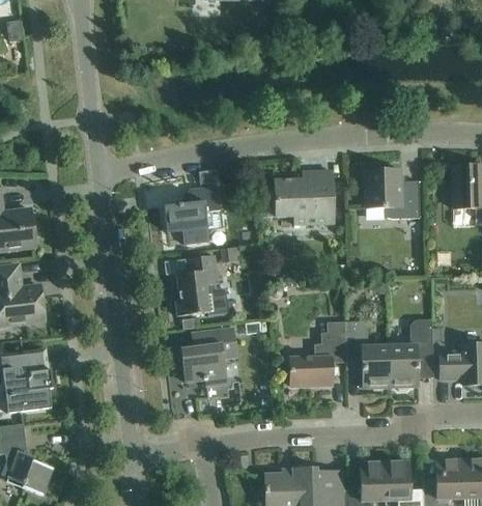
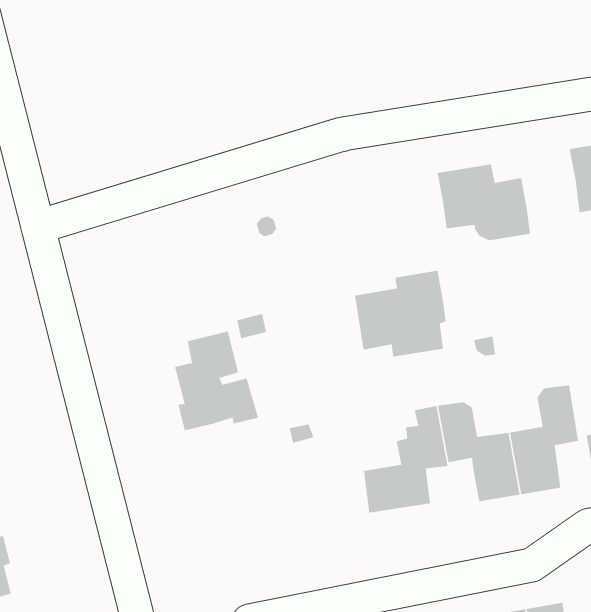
building: [275,171,333,224] -> [354,270,447,357]
building: [165,187,220,244] -> none
building: [181,328,236,386] -> none

